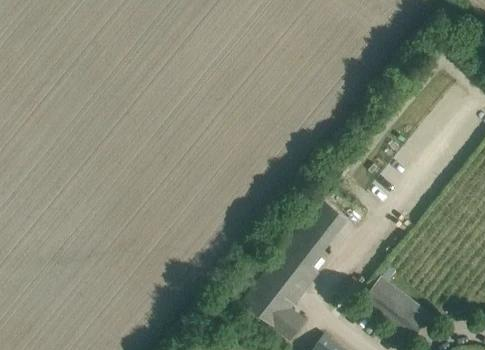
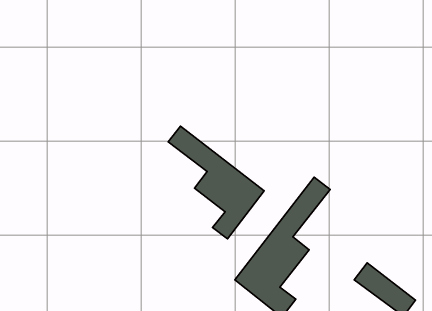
building: none -> [168,126,264,239]

